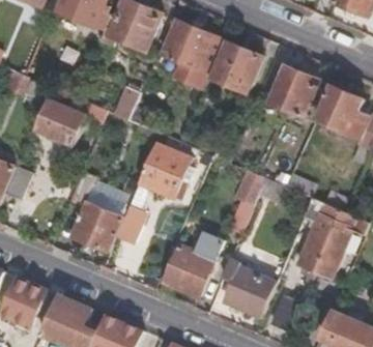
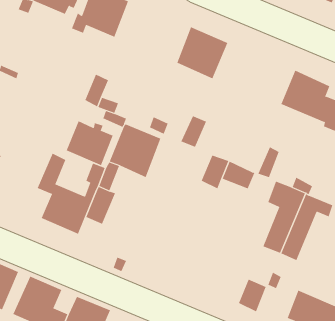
building: [162,21,223,89] -> none
building: [265,64,318,117] -> none
building: [36,100,85,147] -> [66,120,113,166]
building: [165,233,223,298] -> none
building: [221,256,275,316] -> none

